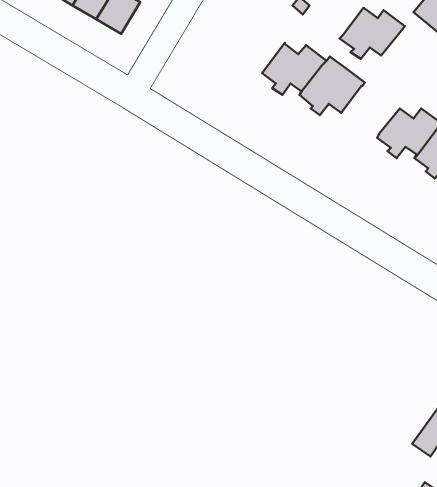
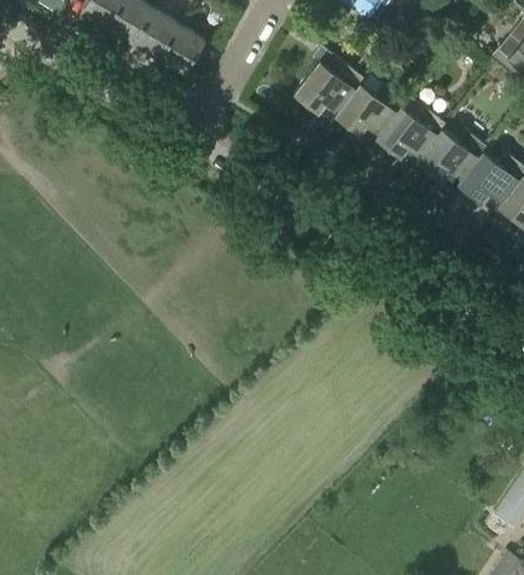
building: [339,8,405,59] -> [415,130,485,185]
building: none -> [293,48,362,117]

